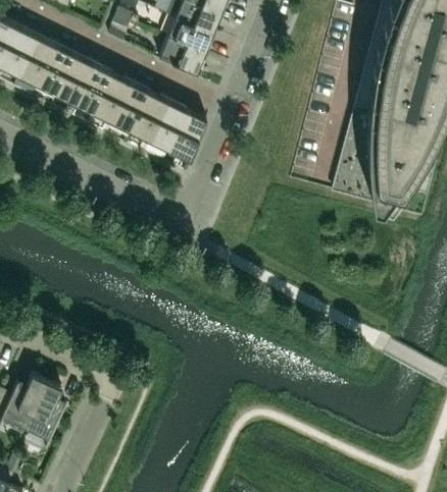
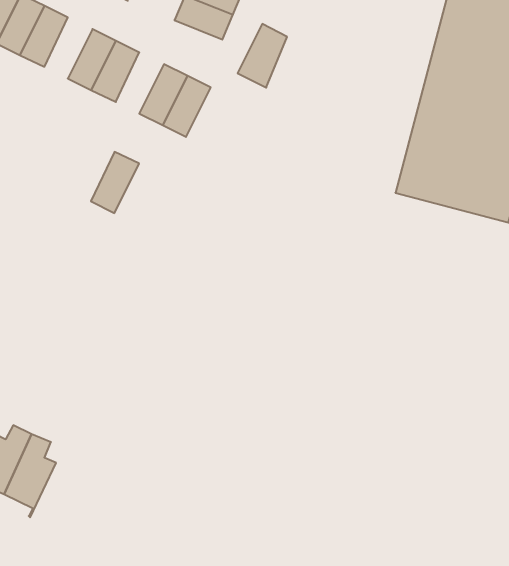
building: [56,53,94,101] -> none
building: [112,80,150,128] -> [91,152,139,213]
building: [167,108,206,158] -> [238,24,287,88]

